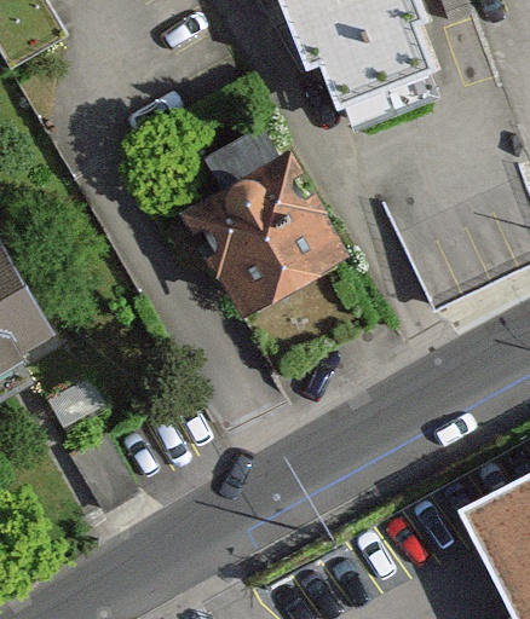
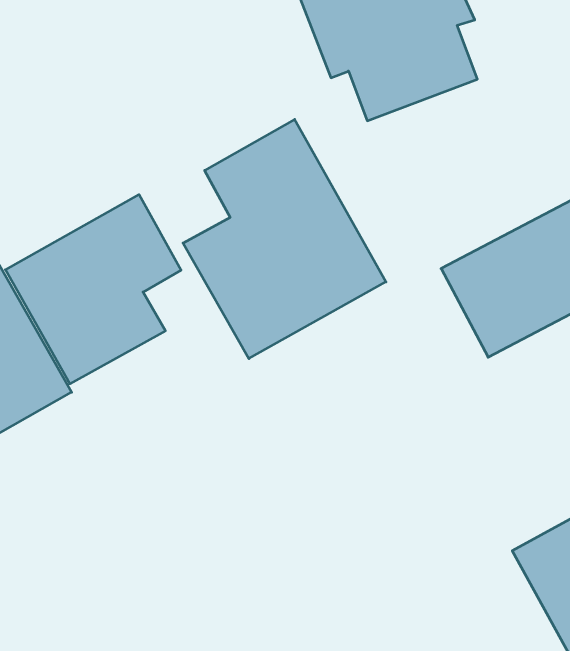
building: none -> [5,195,181,384]

